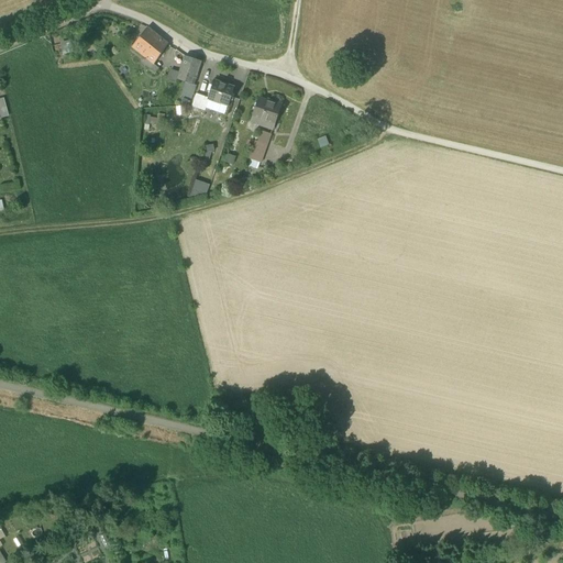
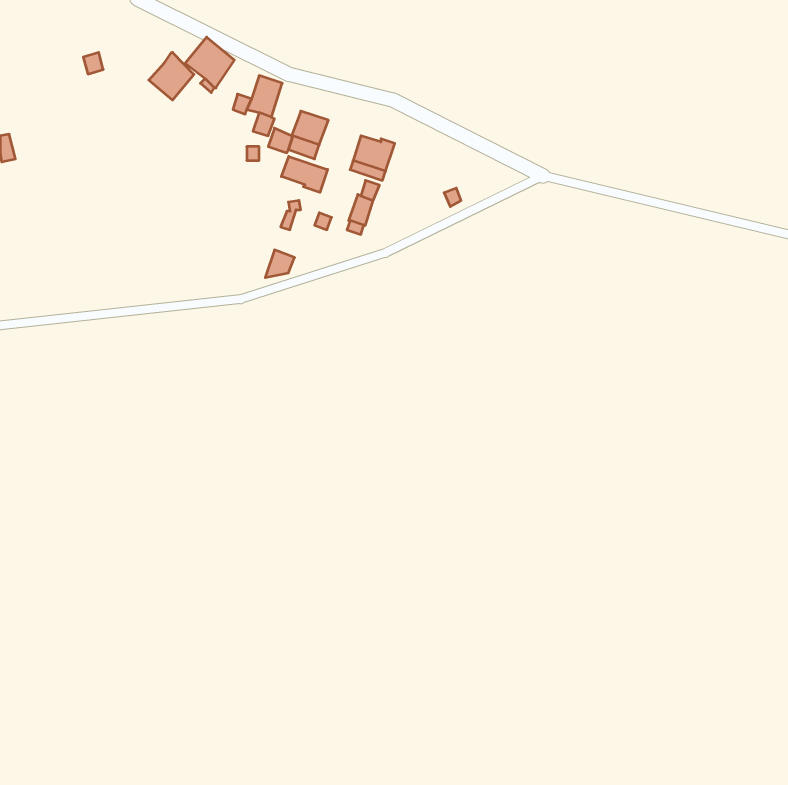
building: none -> [149,52,194,100]
building: none -> [281,156,328,192]

